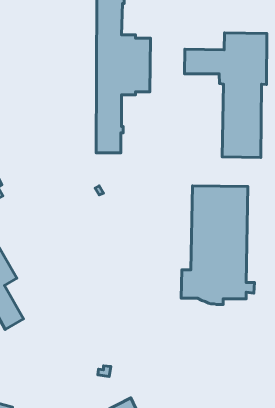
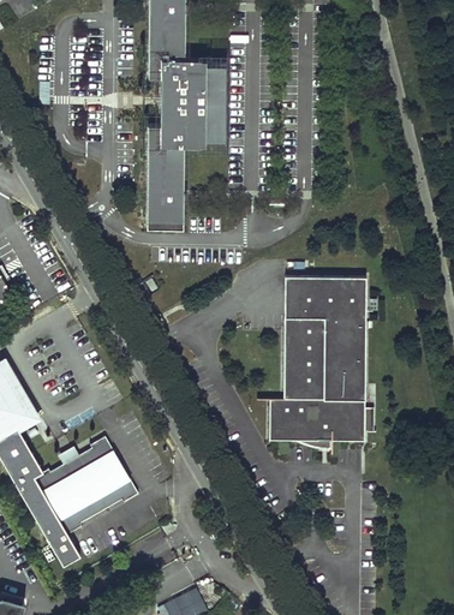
building: [184,33,267,158] -> none
building: none -> [14,435,138,567]

